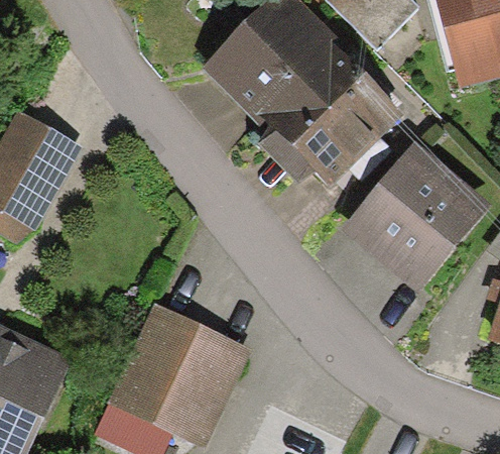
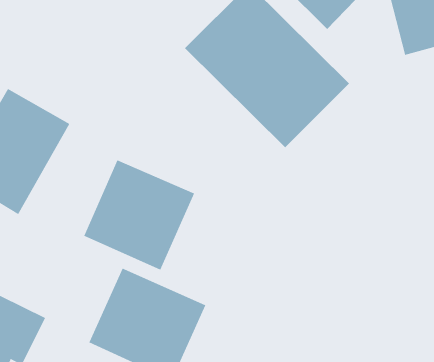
building: [349,150,481,282] -> none
building: none -> [83,159,195,271]

